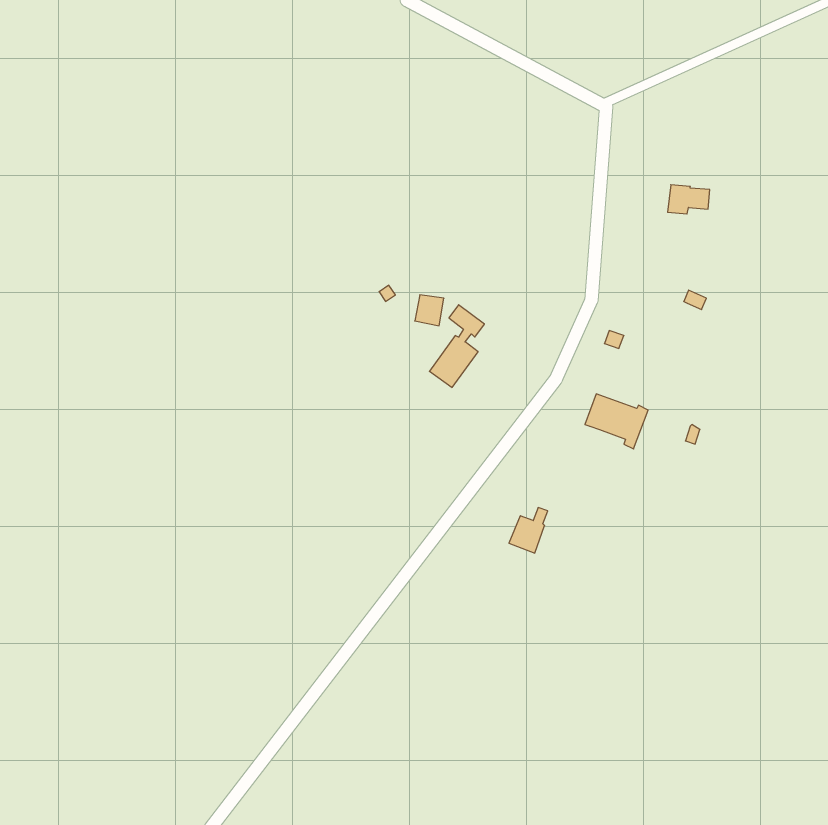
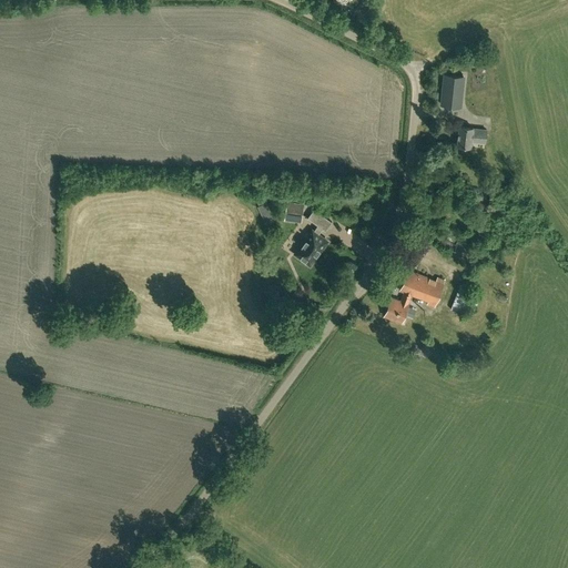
building: none -> [442,77,464,109]
building: [509,508,548,553] -> [384,294,410,325]

